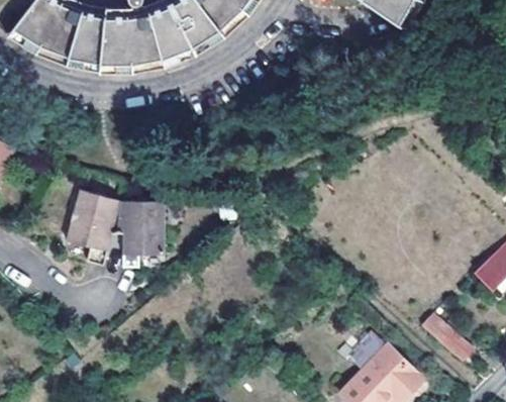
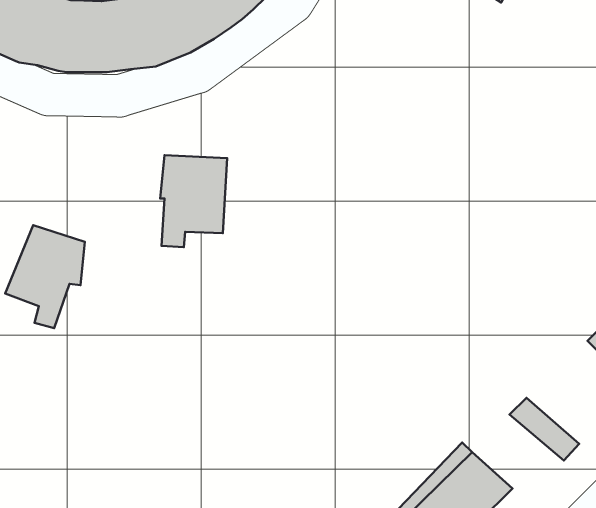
building: [109,197,158,264] -> [160,155,227,247]

